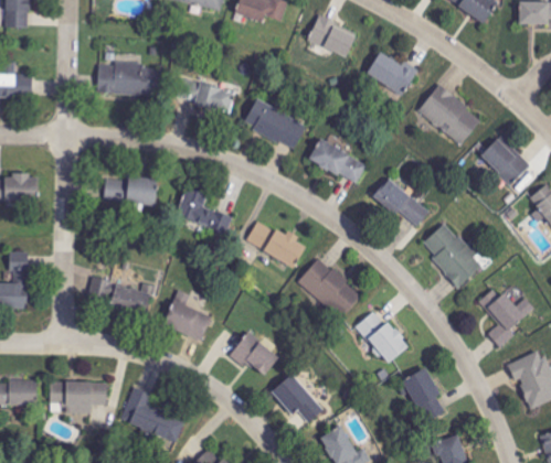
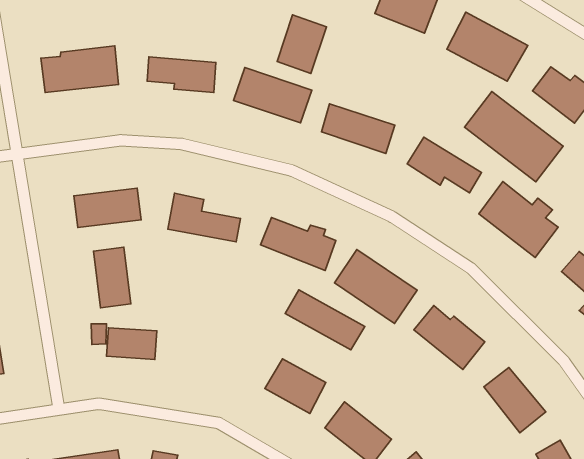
building: none -> [277,15,327,73]
building: none -> [465,92,563,182]
building: none -> [94,247,131,308]
building: none -> [285,290,365,350]
building: [162,290,211,341] -> none

